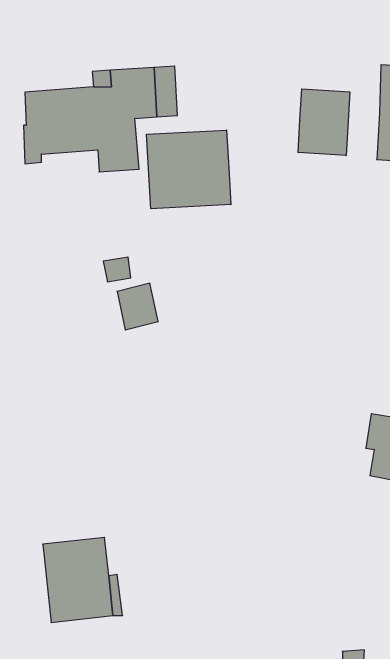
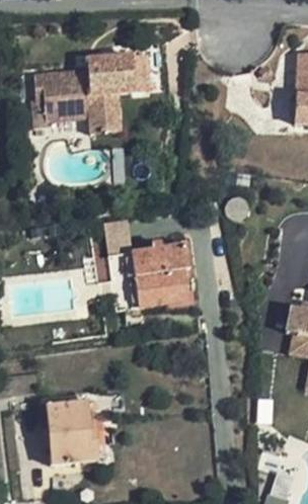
building: [298,89,350,156] -> none
building: [147,130,231,209] -> none
building: none -> [113,242,190,307]

